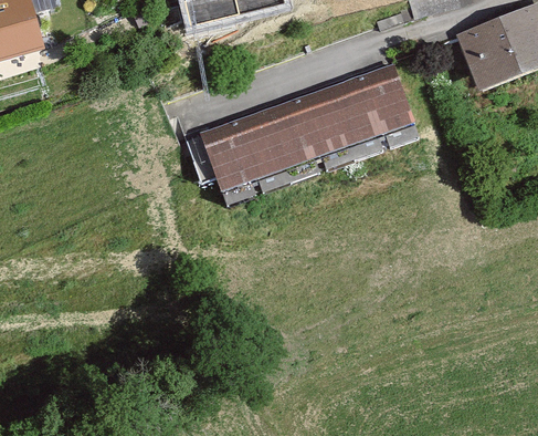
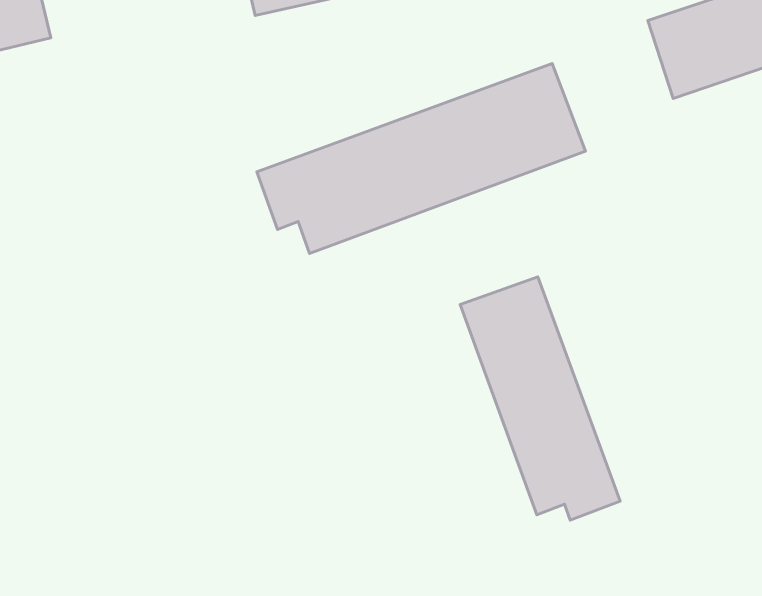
building: none -> [460,277,620,520]

